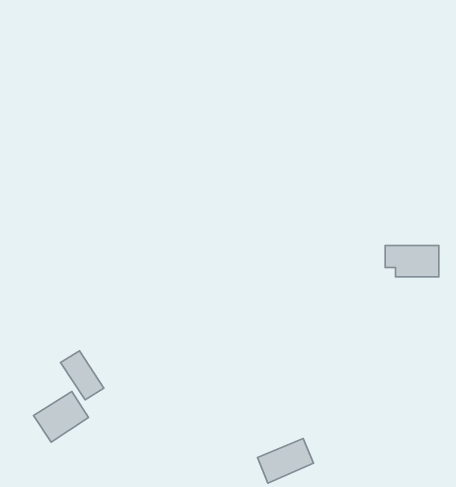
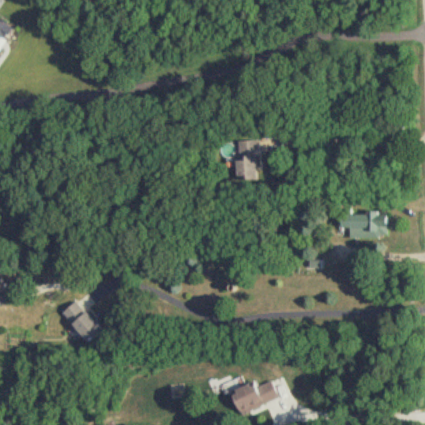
building: none -> [237,141,256,180]
building: [33,392,89,442] -> none

